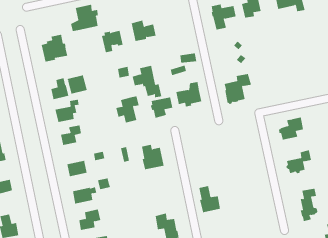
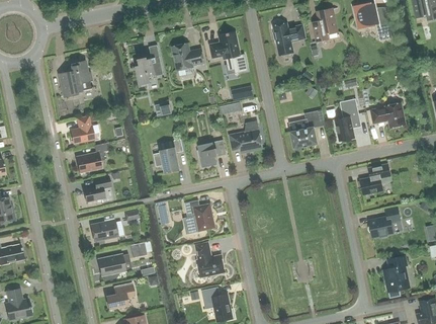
building: [70,4,99,32] -> none
building: none -> [334,98,360,141]
building: [132,65,162,98] -> [209,30,248,72]
building: none -> [370,102,406,128]
building: [67,75,87,95] -> none
building: [198,186,221,213] -> [195,242,224,276]

